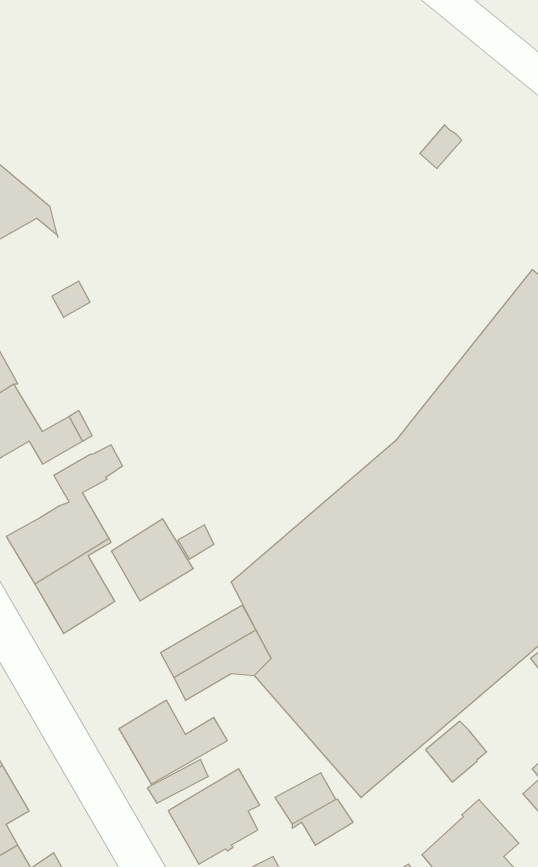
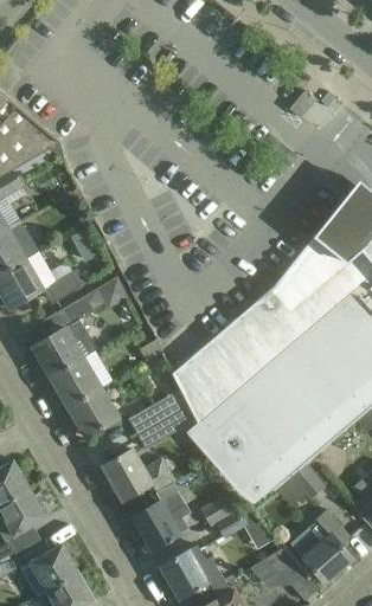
building: [111,519,193,601] -> [68,387,118,438]

